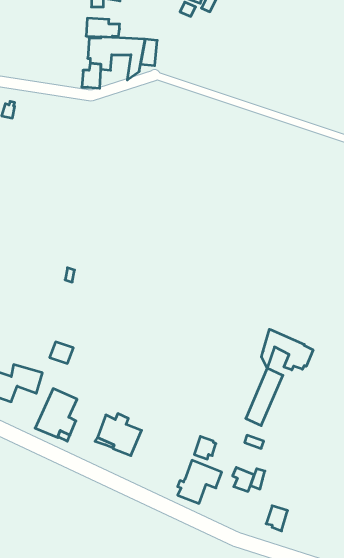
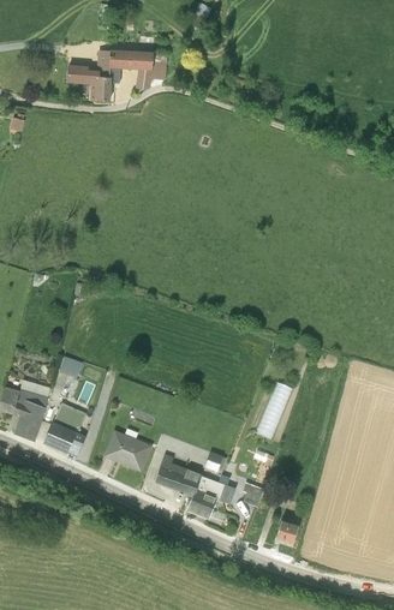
building: [86,18,120,37] -> [65,66,98,85]
building: [261,329,313,370] -> none
building: none -> [13,401,44,442]
building: none -> [155,454,201,495]

